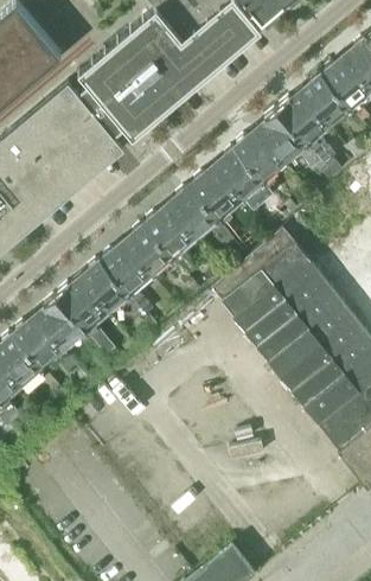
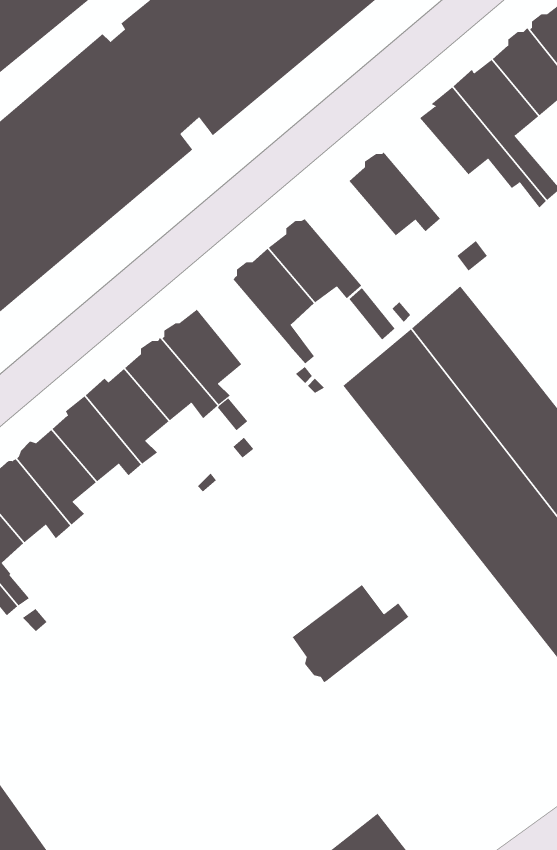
building: [235,127,287,187] -> none
building: [192,165,244,235] -> none
building: [123,224,179,275] -> none
building: none -> [292,584,409,683]

